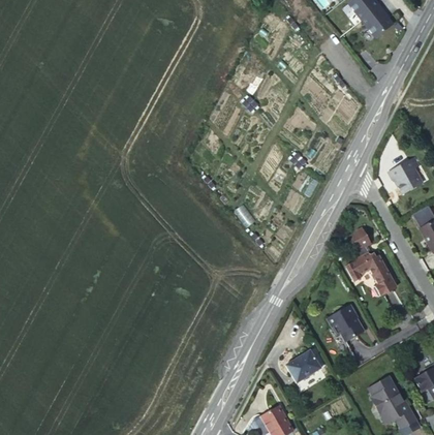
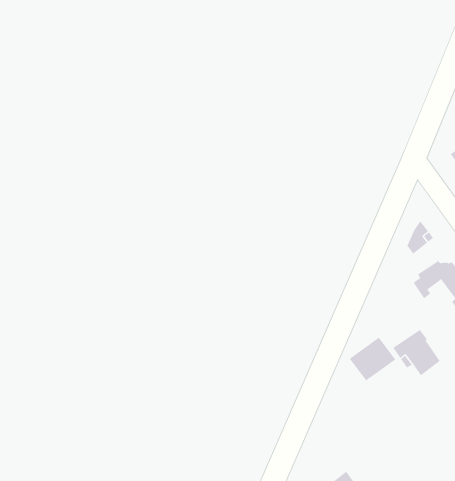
building: [287,353,323,386] -> [349,337,396,381]

